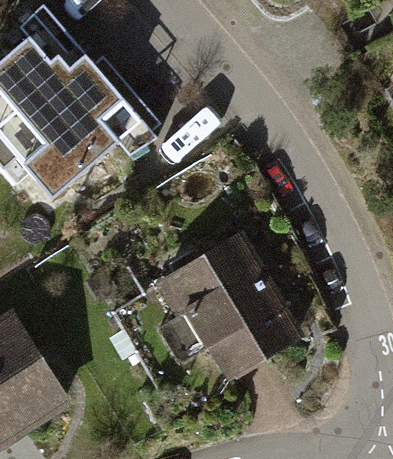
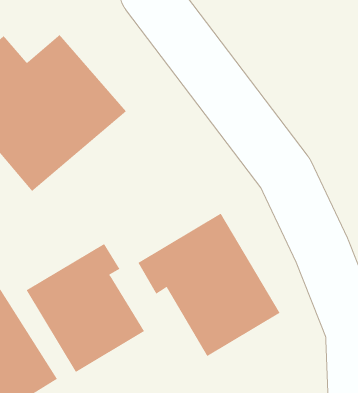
building: none -> [26,243,145,373]

